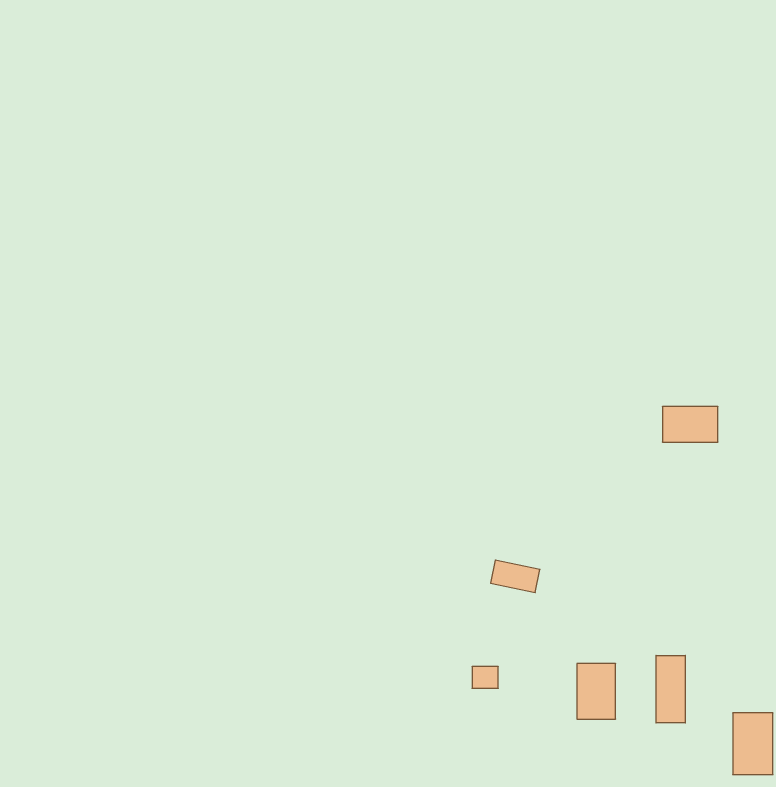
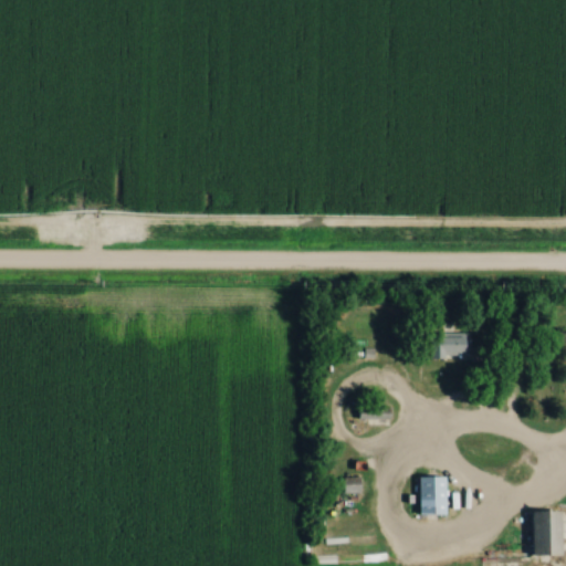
building: [662,407,718,442] -> [431,333,471,358]
building: [656,655,685,723] -> none

